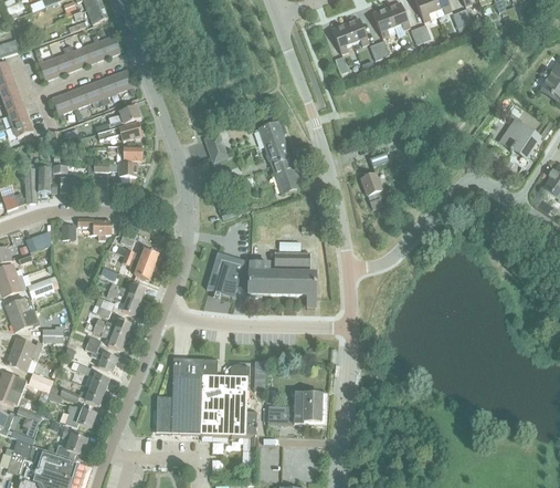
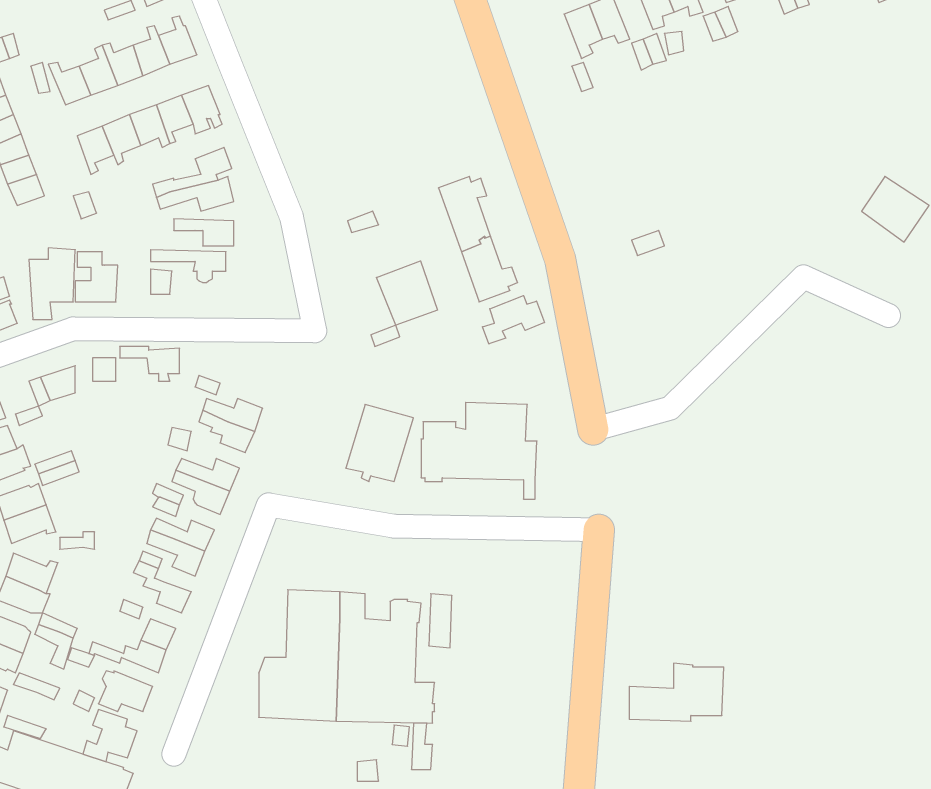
building: none -> [376,261,438,325]
building: [360,172,383,208] -> none
building: none -> [482,296,544,344]
building: [267,391,321,424] -> [629,663,724,721]

